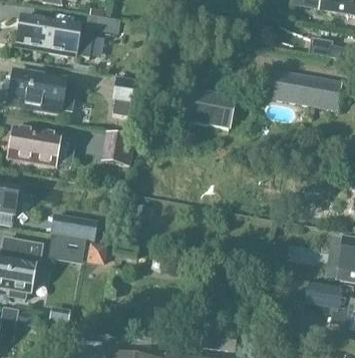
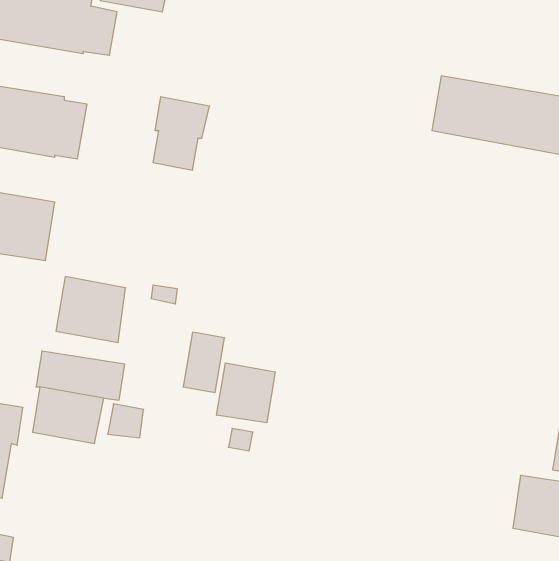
building: [180,87,236,127] -> none
building: [96,131,133,166] -> [56,277,126,343]
building: none -> [217,363,275,423]

